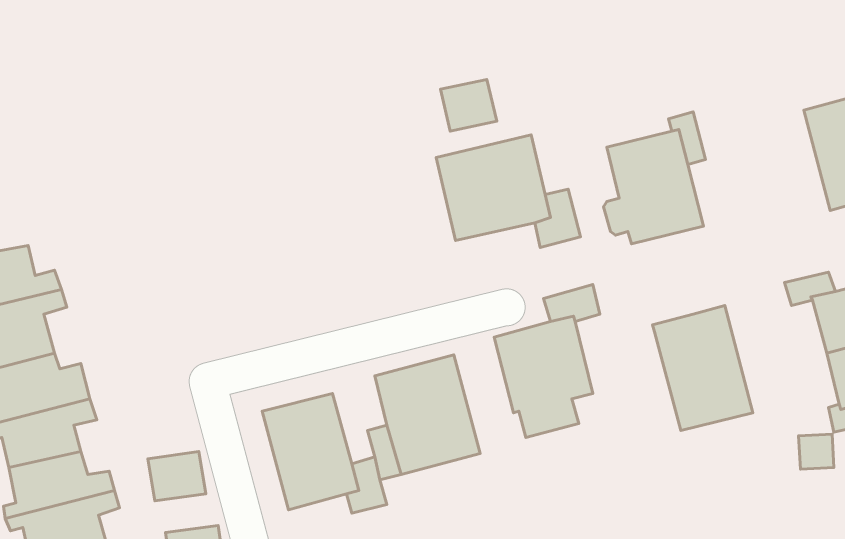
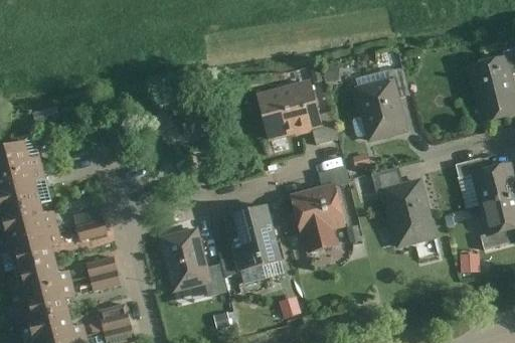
building: [441,79,497,131] -> none
building: none -> [371,167,403,193]
building: none -> [78,209,112,236]

